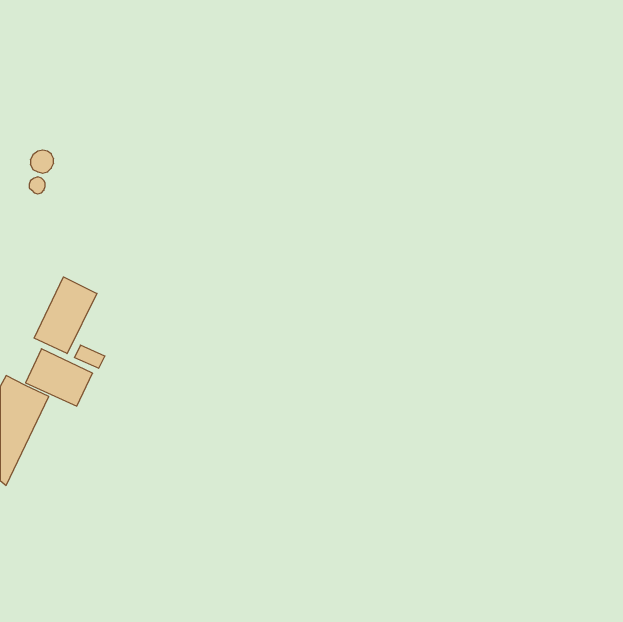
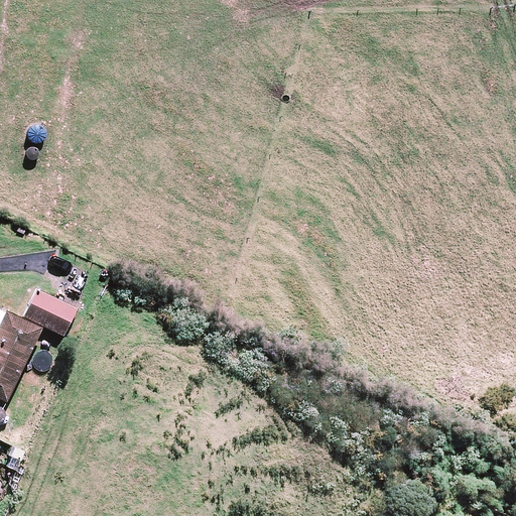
building: [34,277,97,354] -> none

